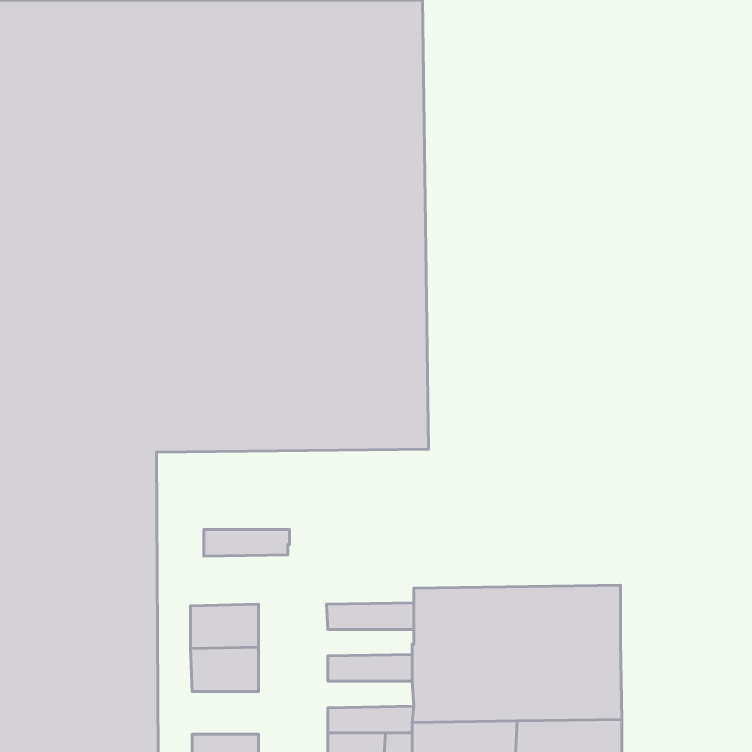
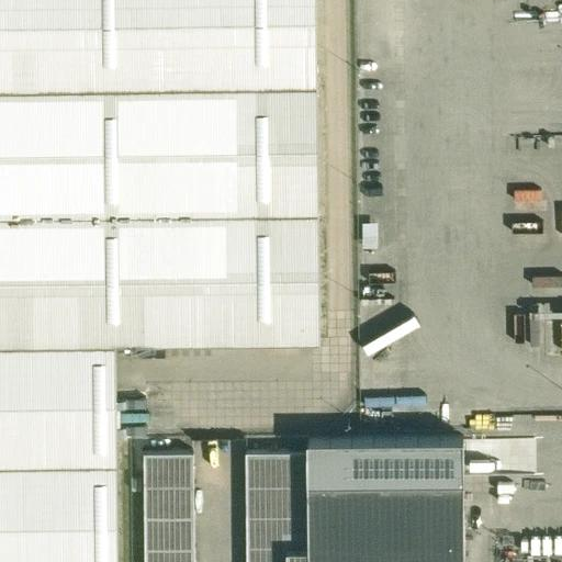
building: [204,530,289,556] -> [244,470,307,490]
building: none -> [244,508,307,528]
building: none -> [143,516,192,548]

